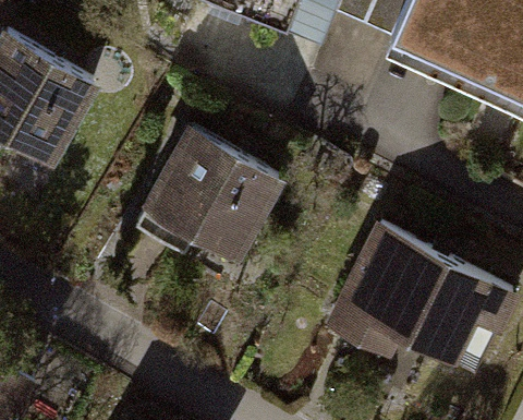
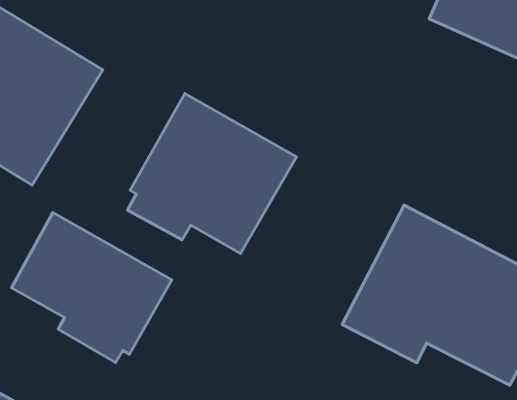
building: none -> [11,212,172,363]

